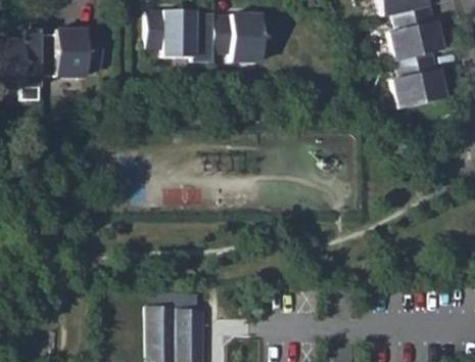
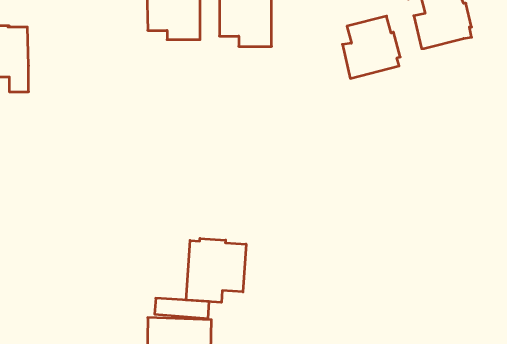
building: [41,30,104,78] -> none
building: [393,53,445,109] -> [342,16,400,78]
building: none -> [186,238,246,302]

